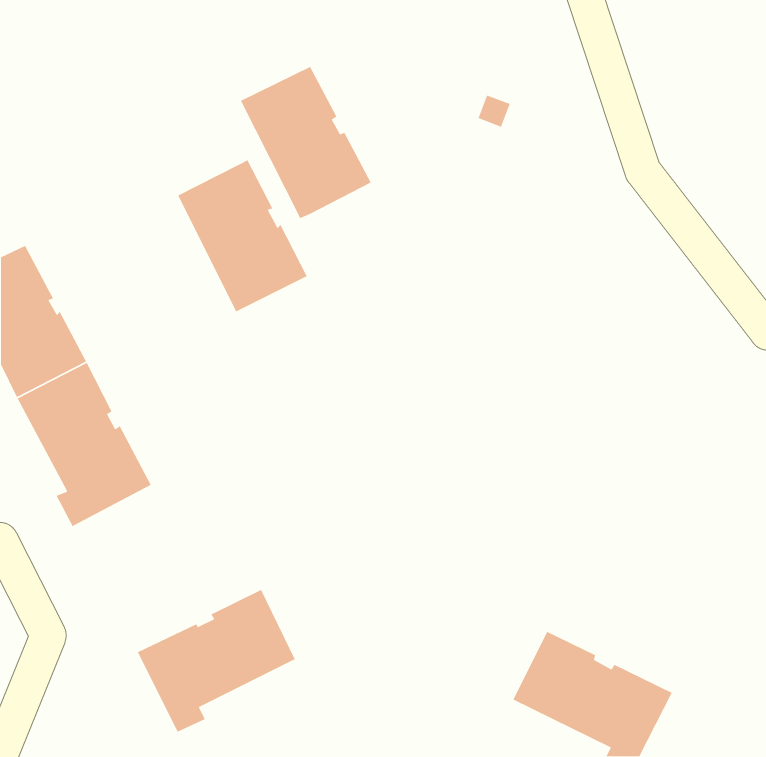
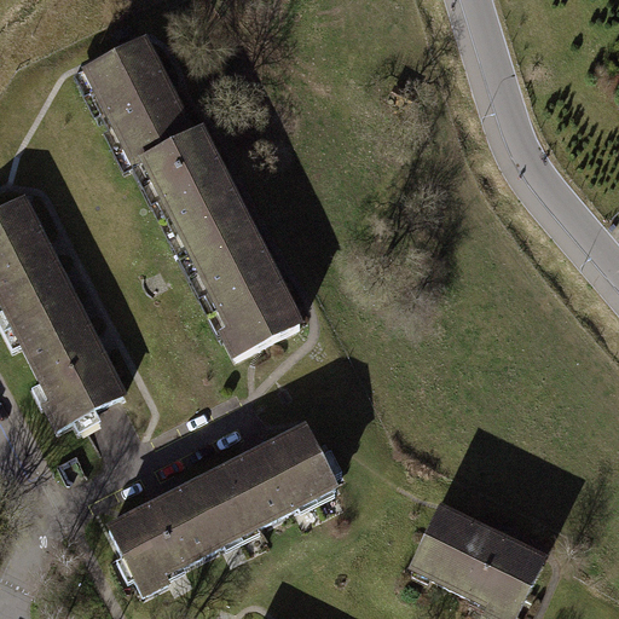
building: [240,66,372,219] -> [87,37,193,161]
building: none -> [191,222,299,354]
building: none -> [212,427,334,531]

